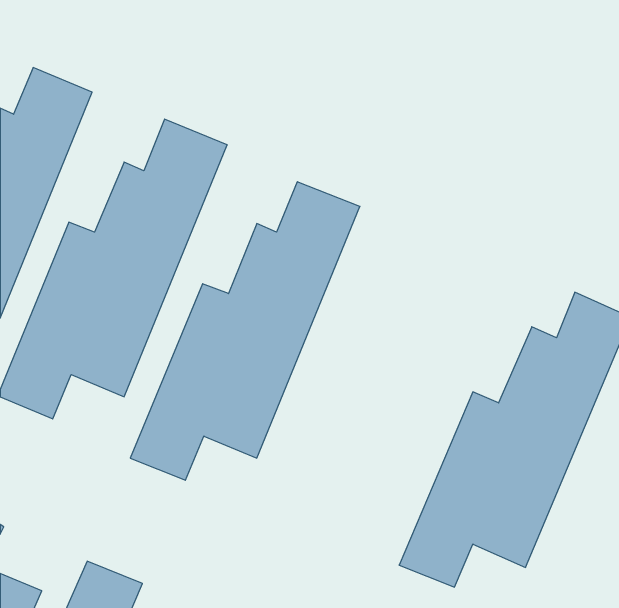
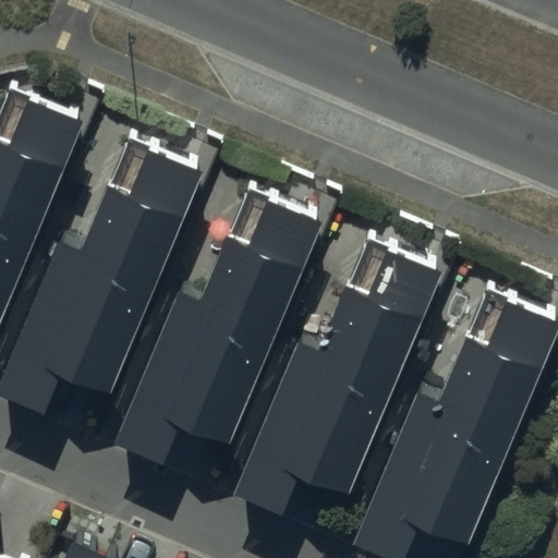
building: none -> [247,226,451,492]

